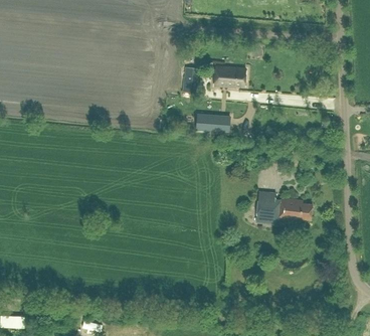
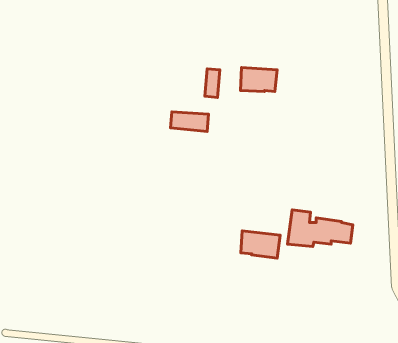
building: [197,114,230,131] -> [171,112,208,131]
building: none -> [241,231,280,258]

